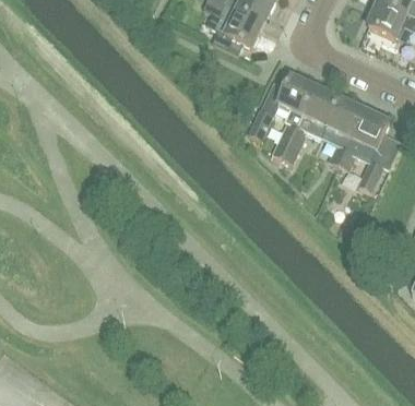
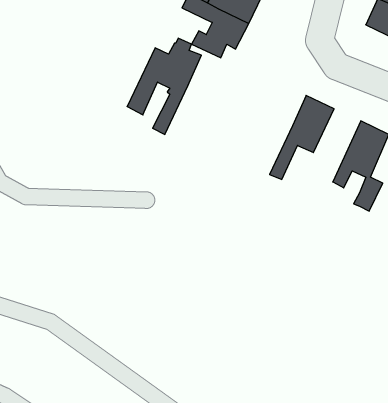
building: [248,72,315,158] -> [127,38,201,134]
building: [321,99,364,165] -> none

